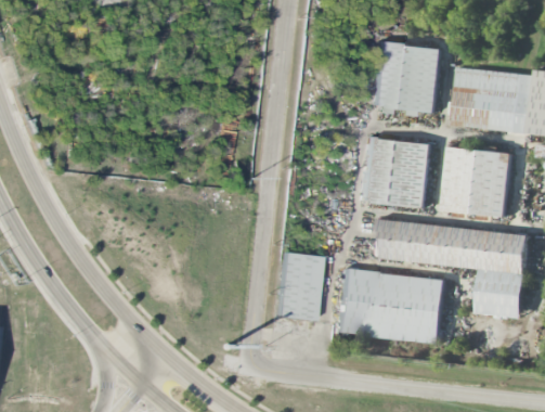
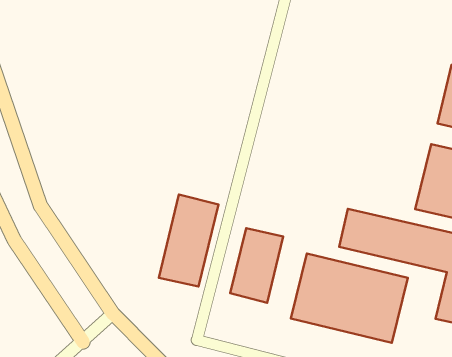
building: [372,42,442,116] -> none
building: [361,137,431,208] -> none
building: none -> [159,194,218,287]

